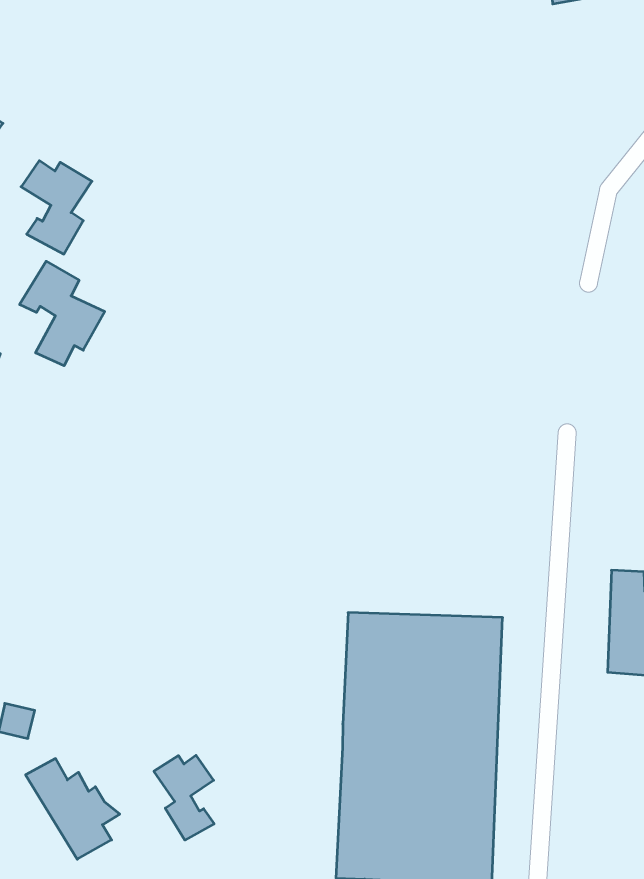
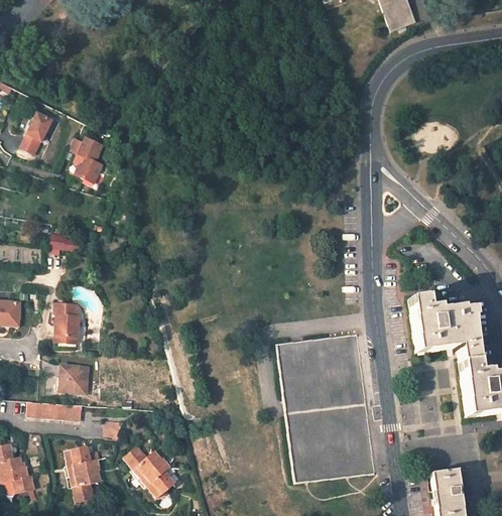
building: [20,261,105,366] -> none
building: [154,755,214,840] -> none

